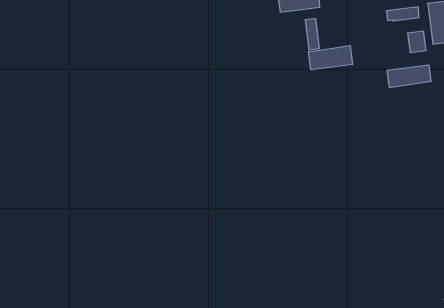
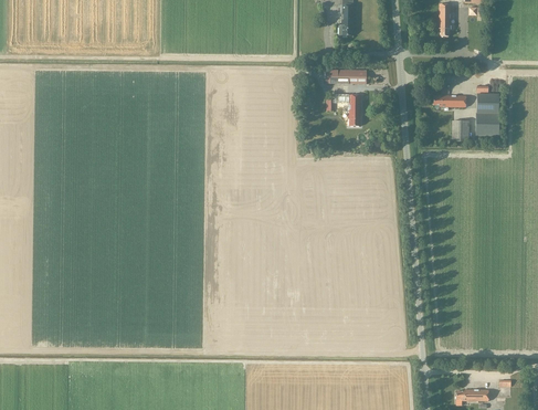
building: [309,45,353,70] -> none
building: [387,65,431,88] -> none

